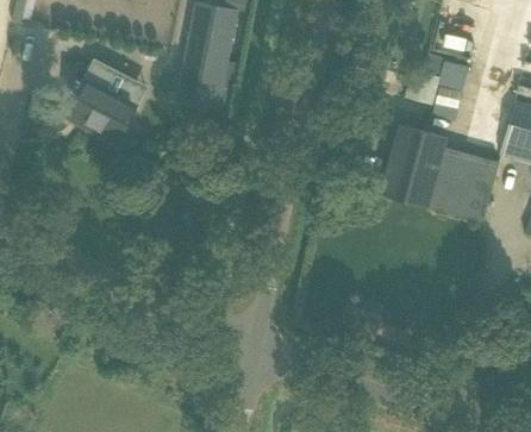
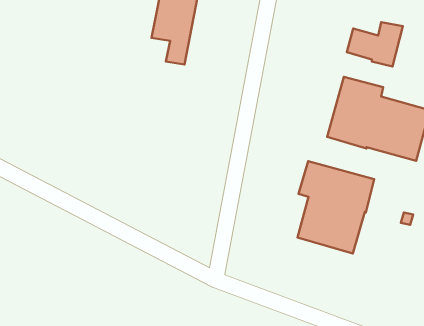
building: [68,62,137,142] -> none
building: none -> [297,161,374,253]

